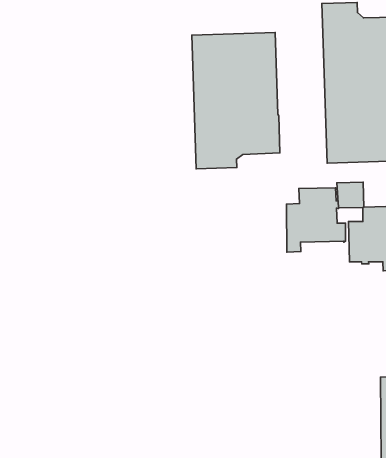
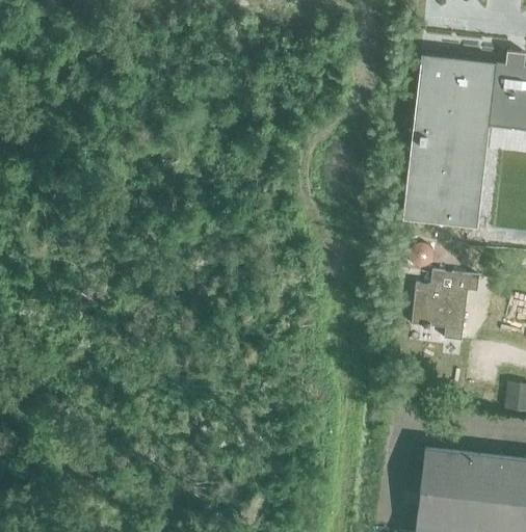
building: [192,33,280,169] -> none
building: [286,188,346,252] -> none

